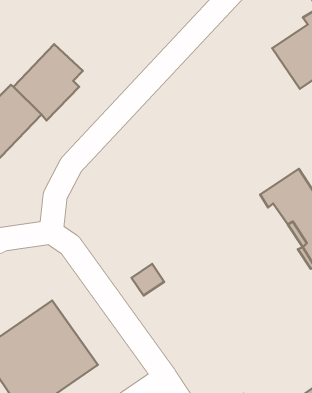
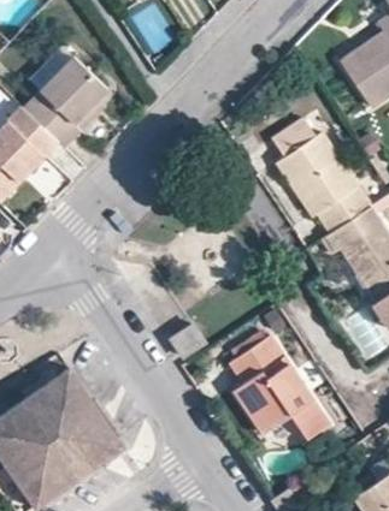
building: none -> [271,120,371,234]
building: none -> [228,337,328,438]

